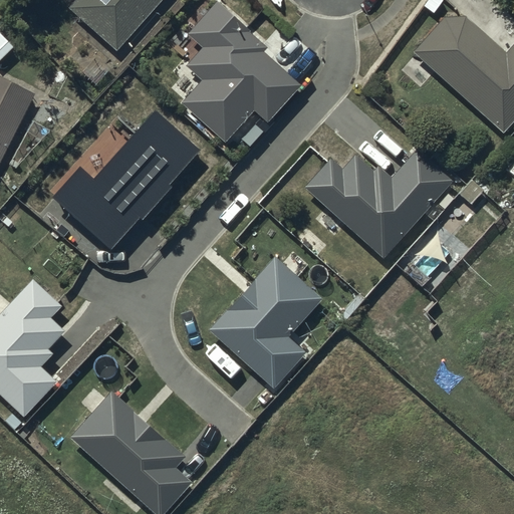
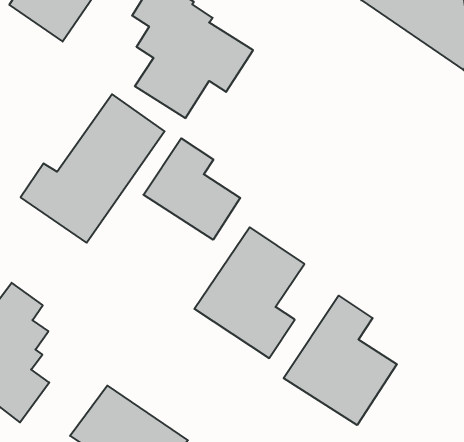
building: [305,151,451,255] -> none
building: none -> [143,138,240,240]
building: none -> [284,296,397,425]

